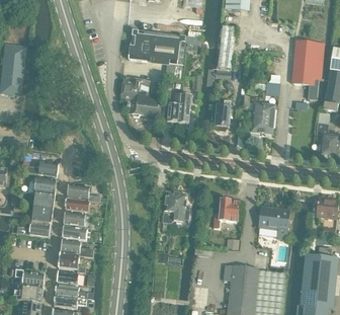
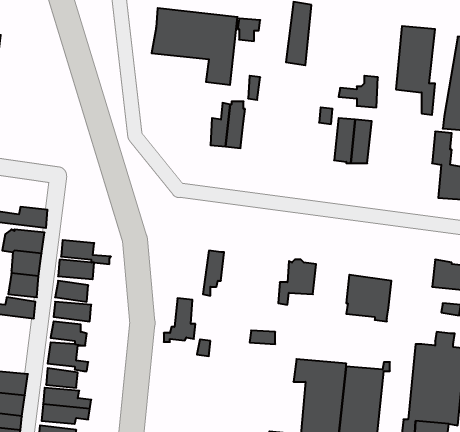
building: [120,78,161,115] -> none
building: [215,99,230,131] -> none
building: [167,192,188,222] -> [164,298,195,342]

